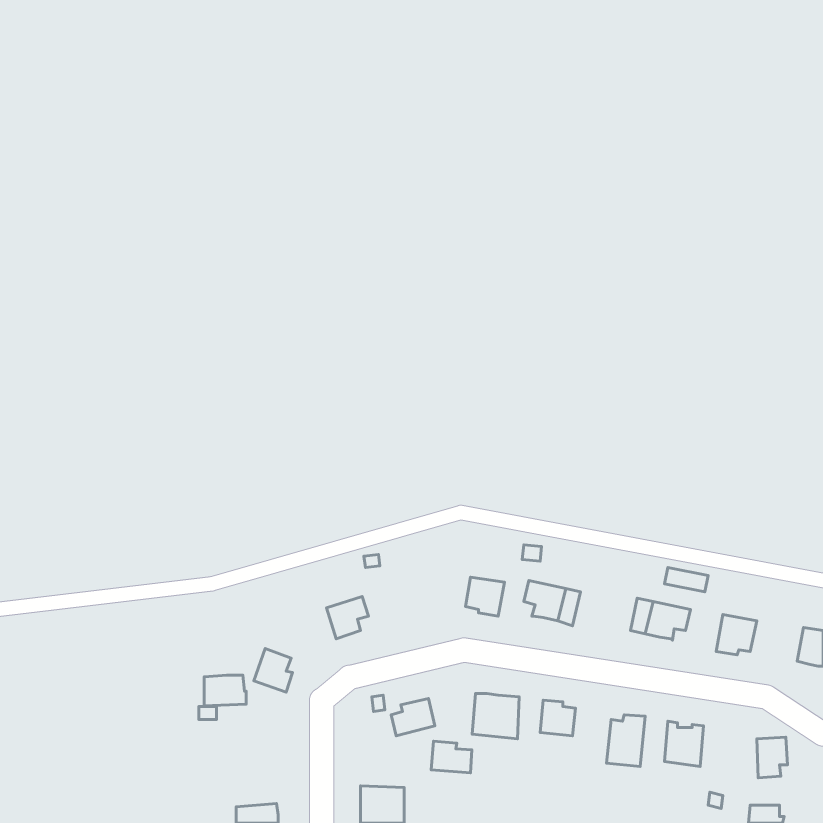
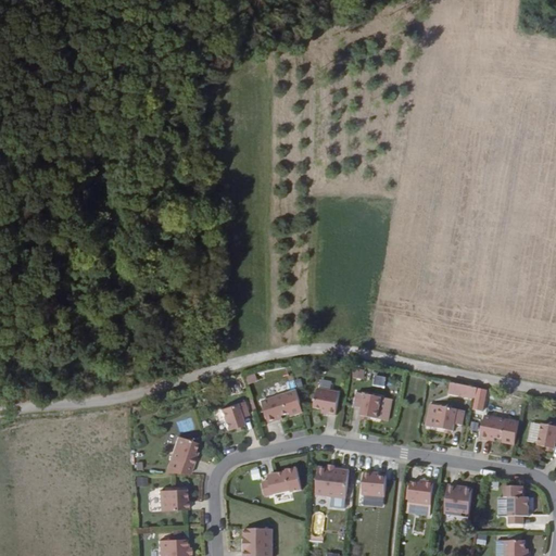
building: none -> [262,391,302,422]
building: [204,675,246,706] -> [157,488,186,508]
building: [431,741,472,773] -> none

